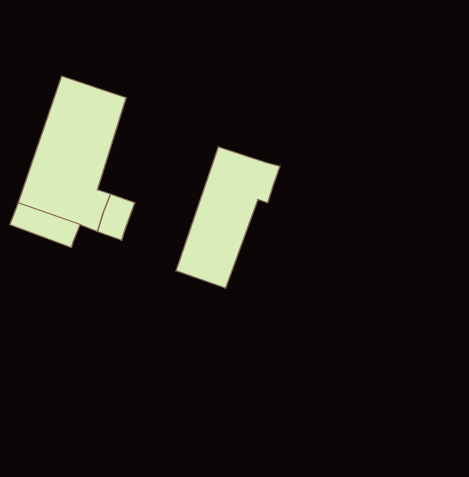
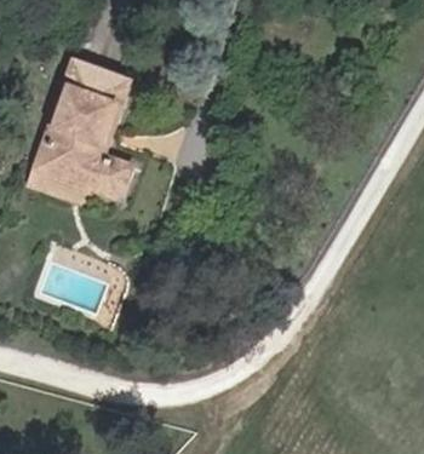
building: [176,147,280,288] -> none

